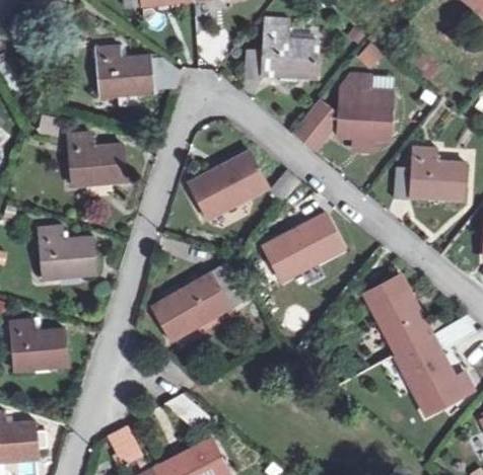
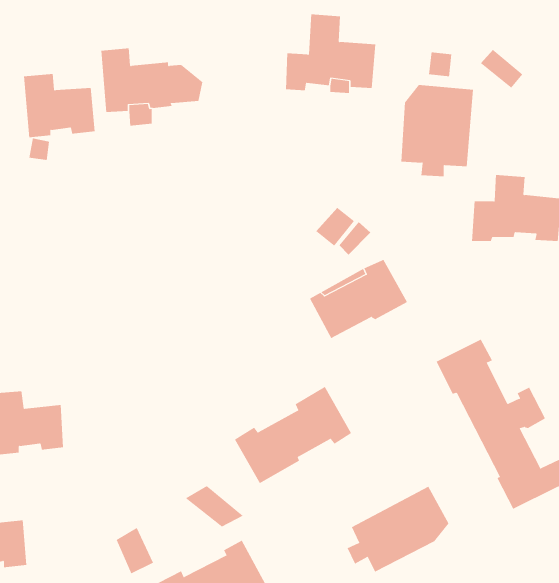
building: [293,99,332,148] -> none
building: [68,135,126,186] -> [23,73,95,138]
building: [188,152,267,217] -> none
building: [38,227,95,279] -> none
building: [151,263,246,341] -> [234,386,352,484]
building: none -> [347,486,449,573]

